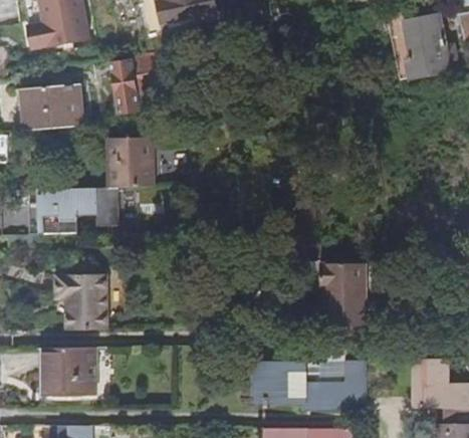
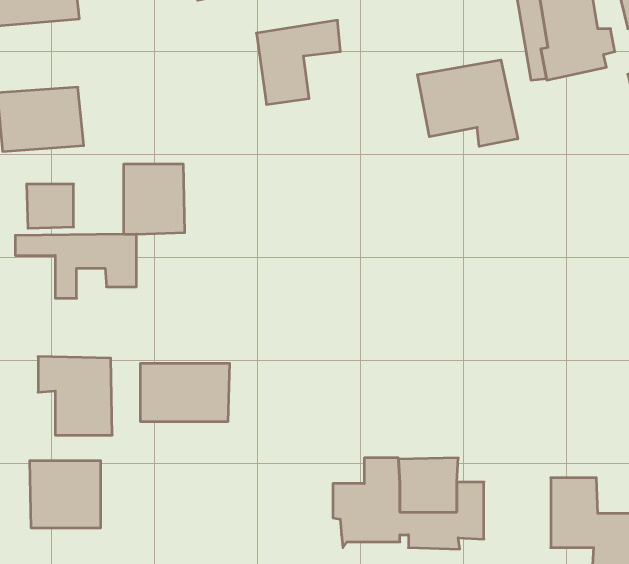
building: [111,54,171,114] -> [256,20,340,104]
building: none -> [417,60,518,146]
building: [30,203,63,234] -> [27,184,74,228]
building: [319,265,365,328] -> none
building: none -> [141,363,230,422]

